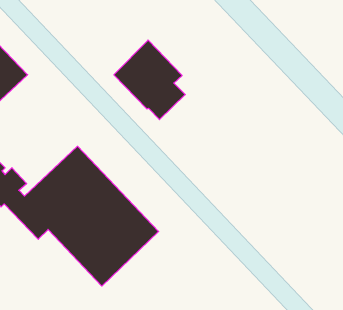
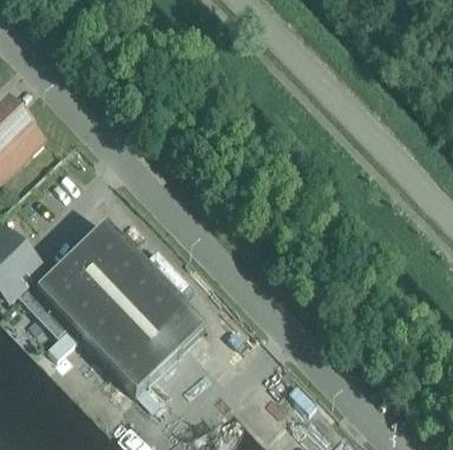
building: [114,40,185,120] -> none

